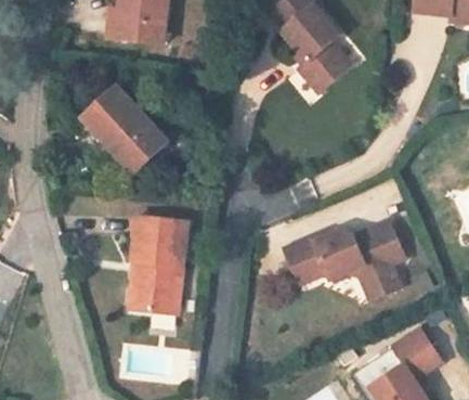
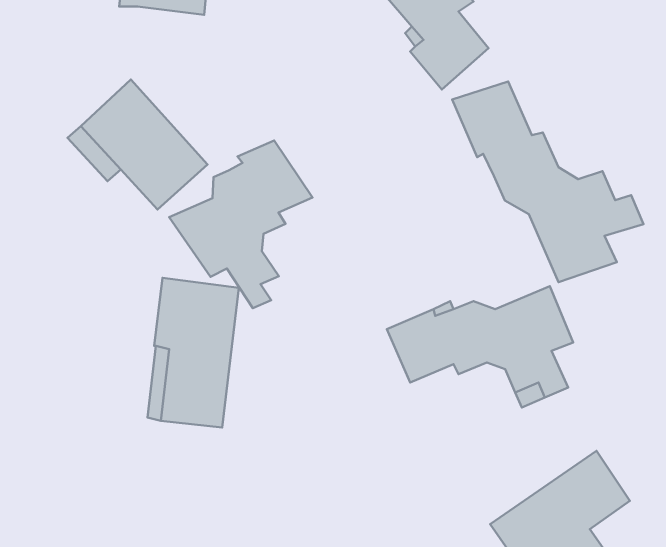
building: none -> [452,82,644,282]
building: none -> [169,140,312,308]

